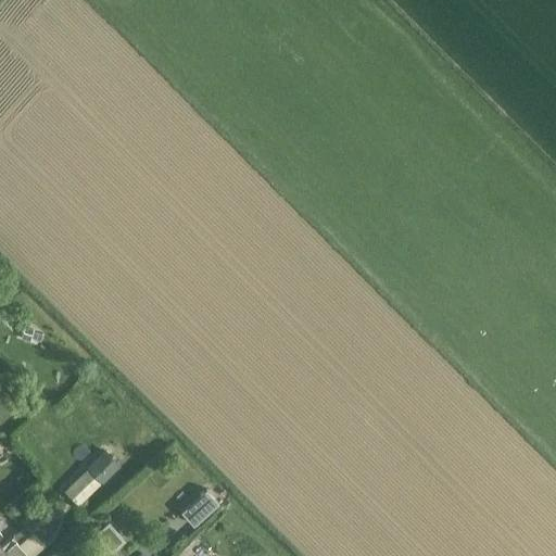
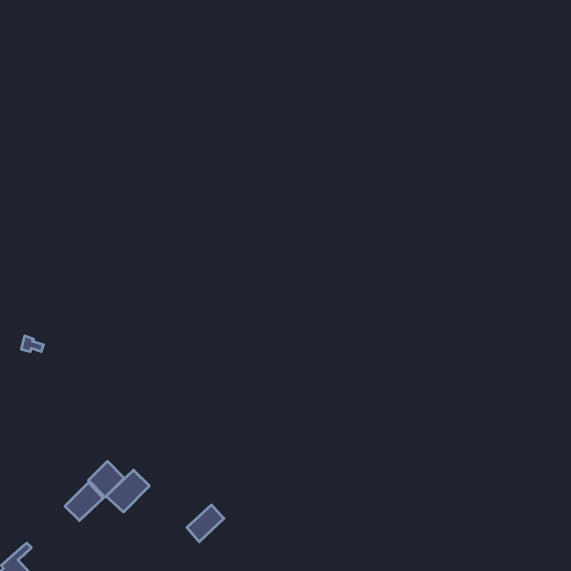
building: none -> [106,470,149,512]

